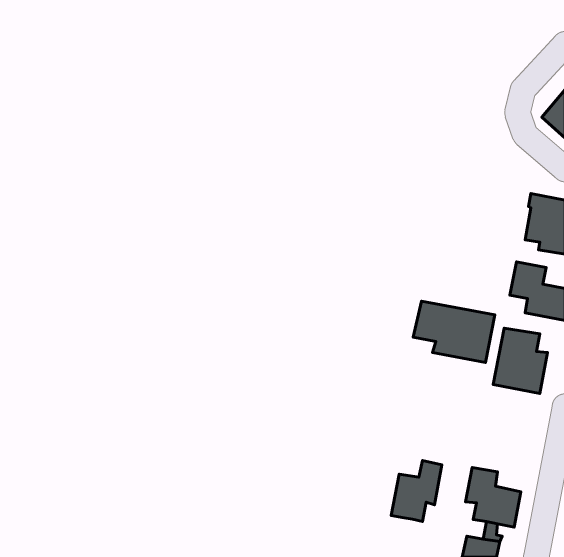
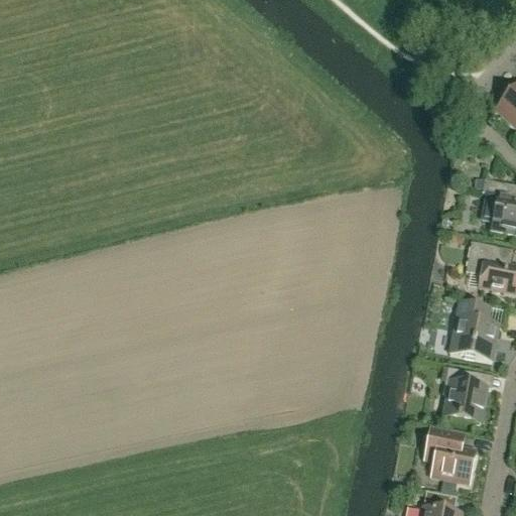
building: [413,301,495,363] -> none
building: none -> [443,365,488,421]
building: [391,461,442,521] -> none

